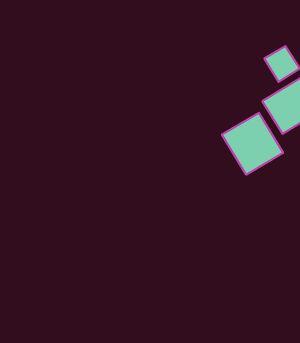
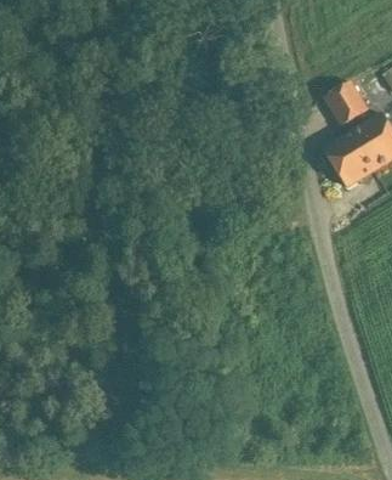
building: [222,113,283,175] -> none

